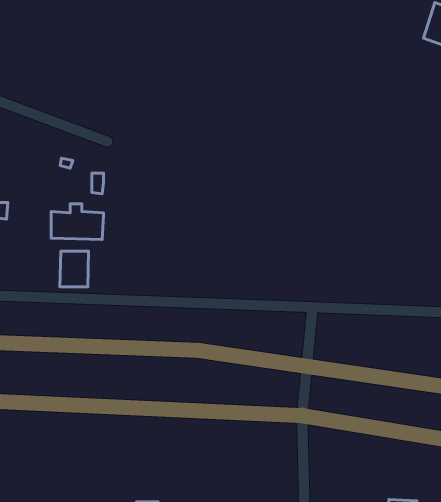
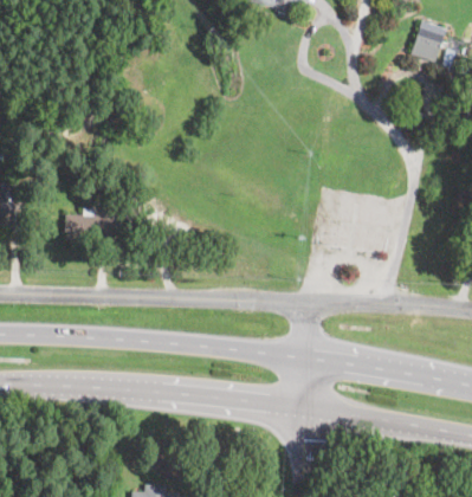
building: [60,251,89,287] -> none

